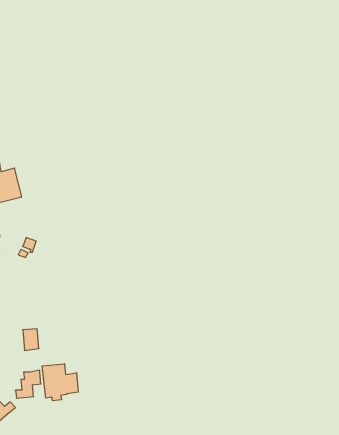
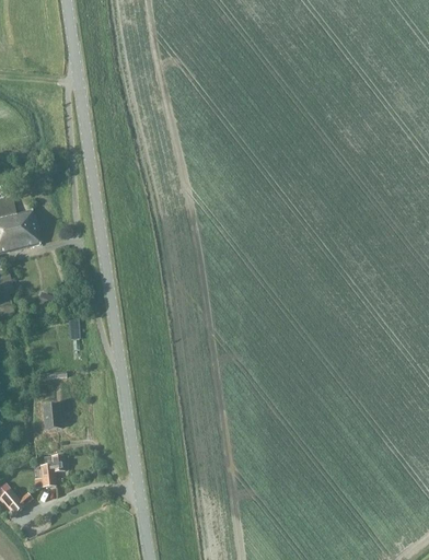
building: [42,364,78,401] -> none

